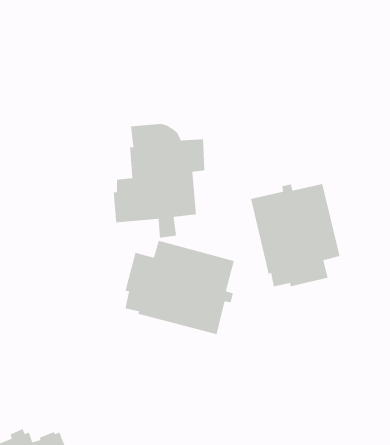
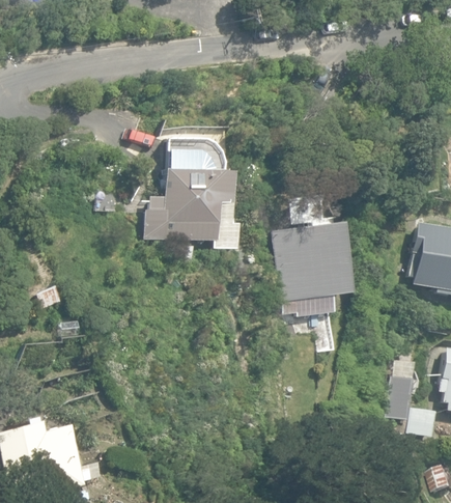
building: [125,240,235,335] -> none

